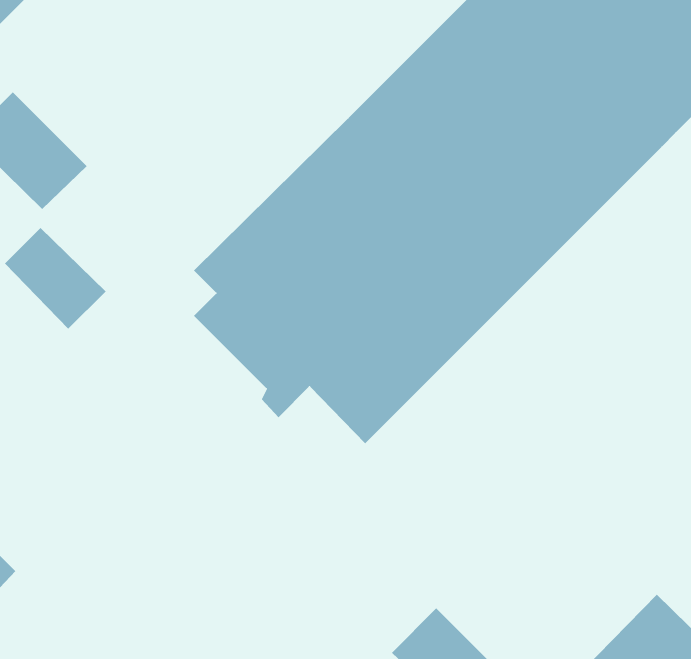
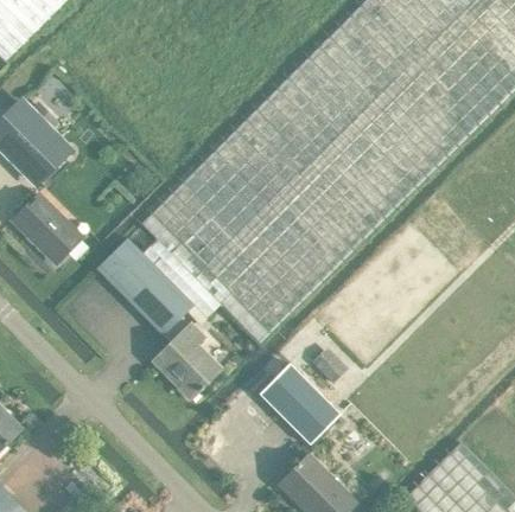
building: none -> [96,239,191,334]
building: none -> [155,324,221,398]
building: none -> [259,364,339,444]

